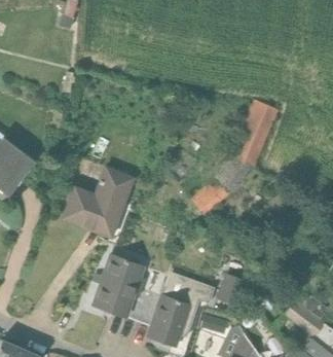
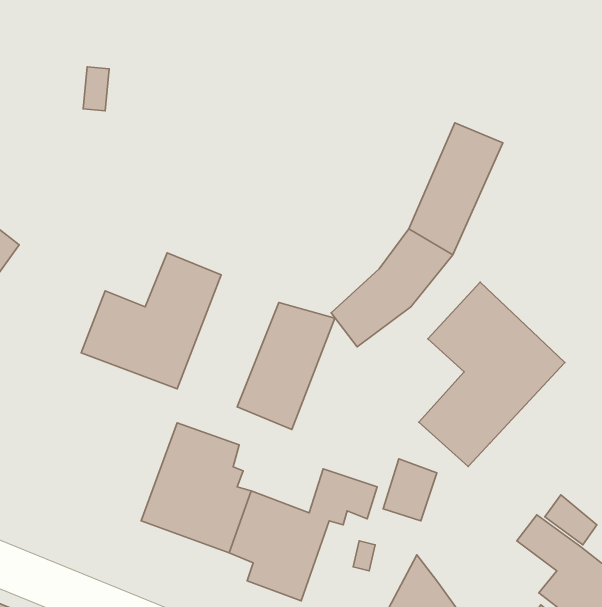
building: none -> [419,282,565,466]
building: none -> [237,302,335,429]

